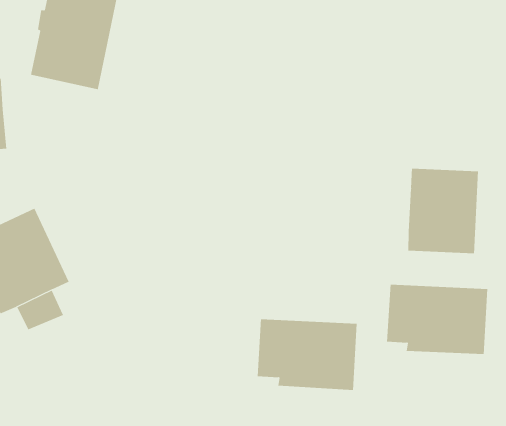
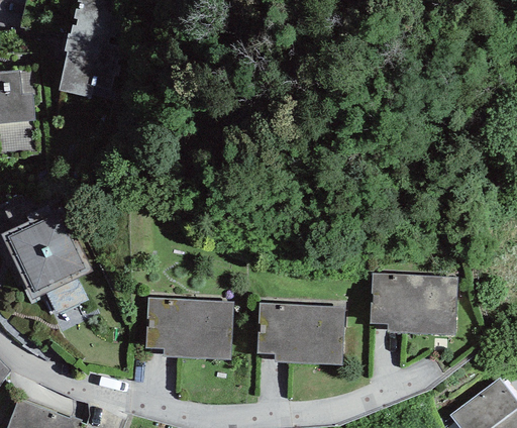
building: [408,168,478,254] -> none
building: none -> [145,298,232,358]

